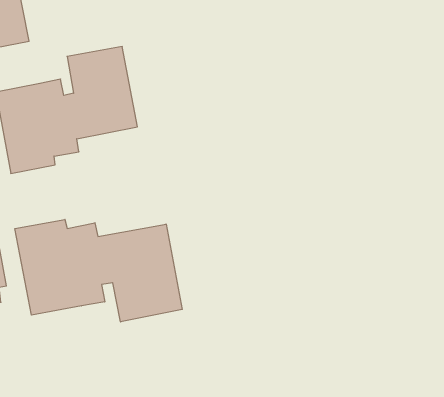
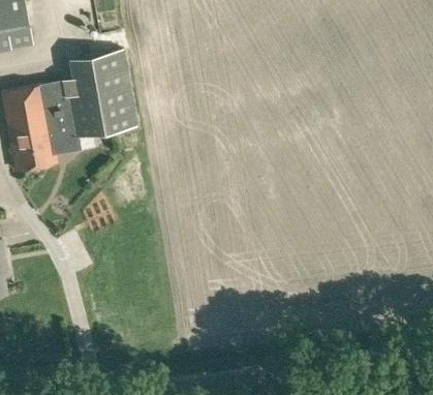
building: [15,219,182,322] -> none

